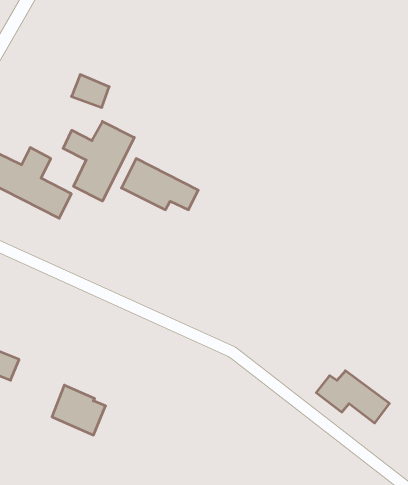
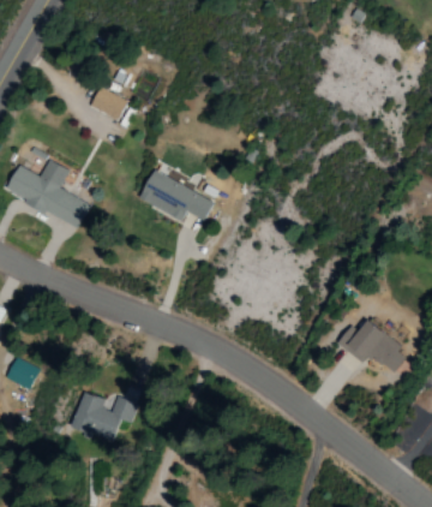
building: [63,121,134,201] -> none
building: [316,371,389,423] -> [338,321,410,372]

